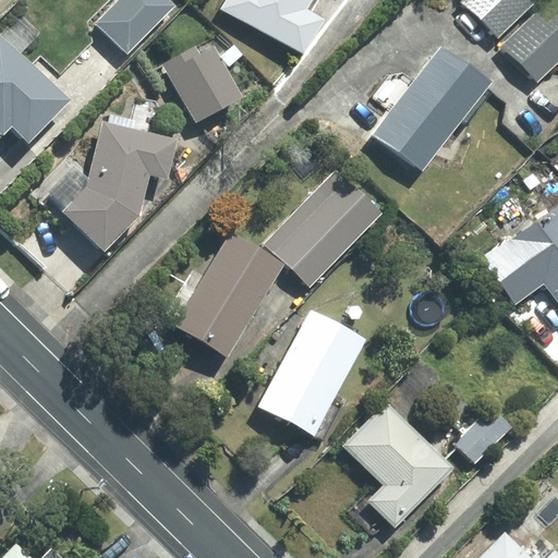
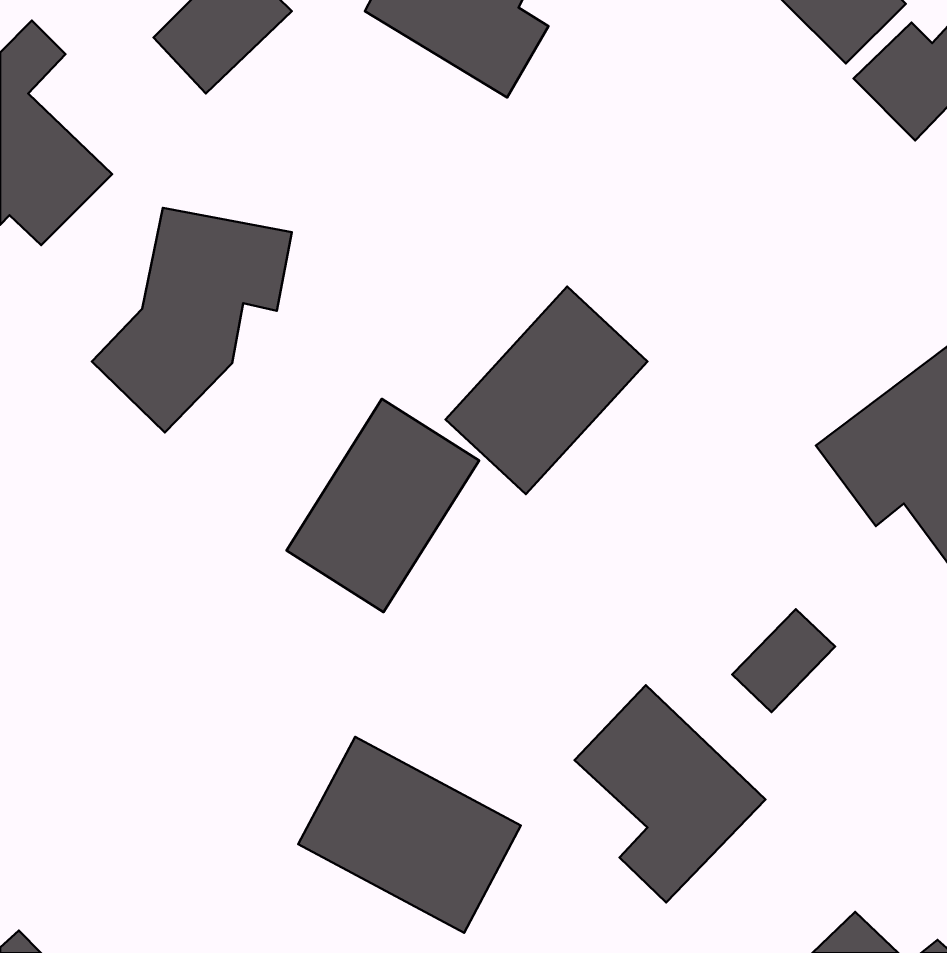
building: [167,43,241,121] -> none
building: [371,46,486,174] -> none
building: [257,307,366,435] -> none
building: [454,404,514,464] -> [732,609,835,712]
building: none -> [298,737,521,933]

